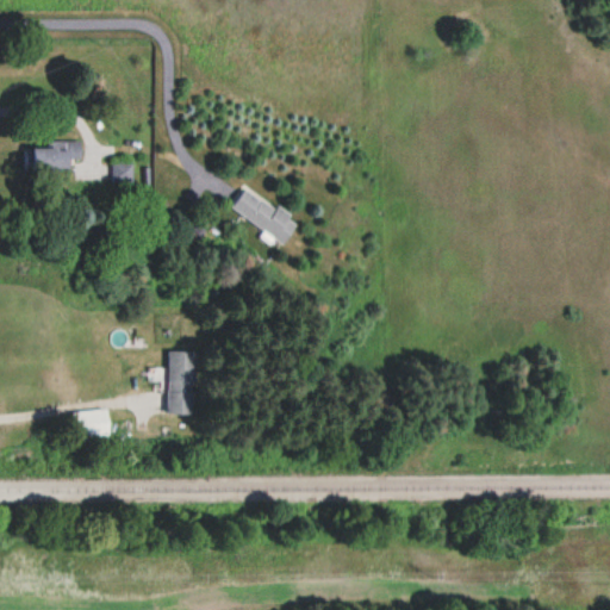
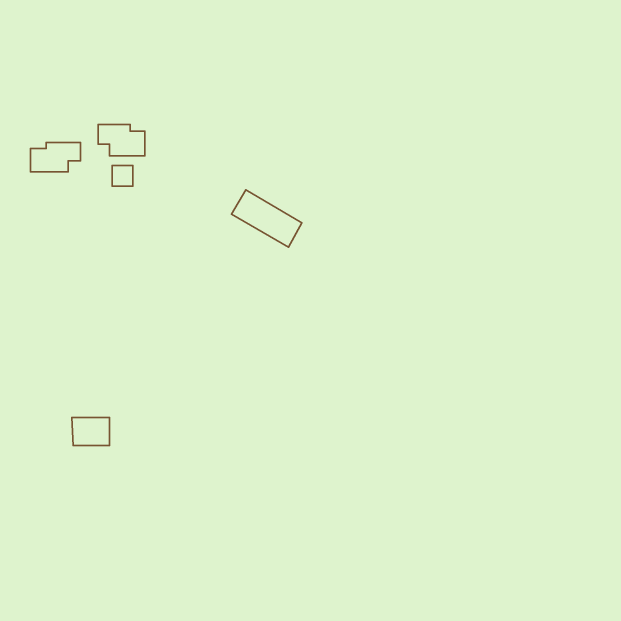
building: none -> [98,125,145,156]
building: [168,350,195,413] -> none

